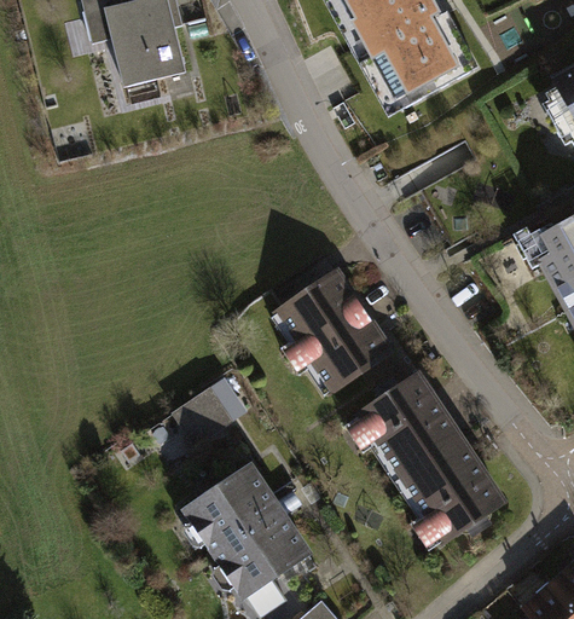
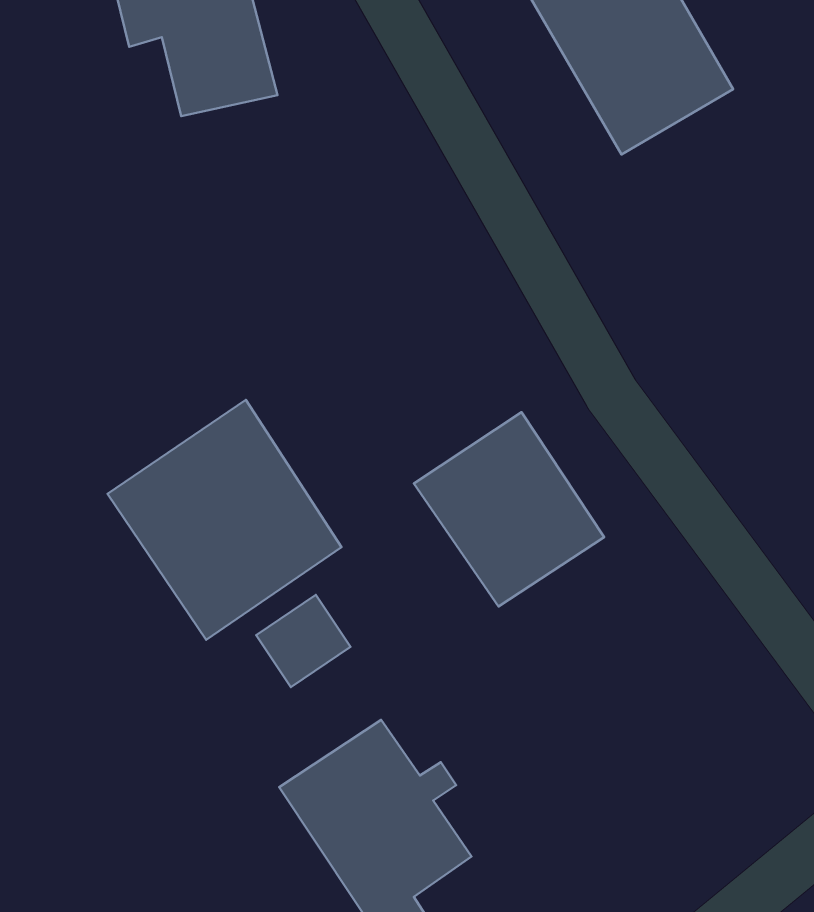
building: none -> [107,400,342,640]
building: [360,372,504,539] -> none

